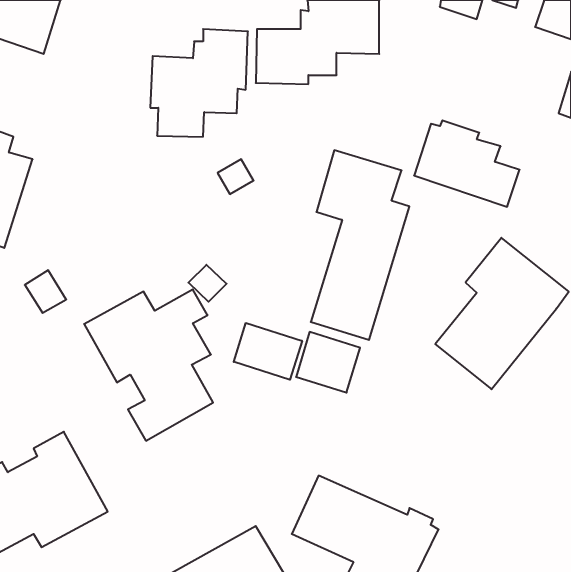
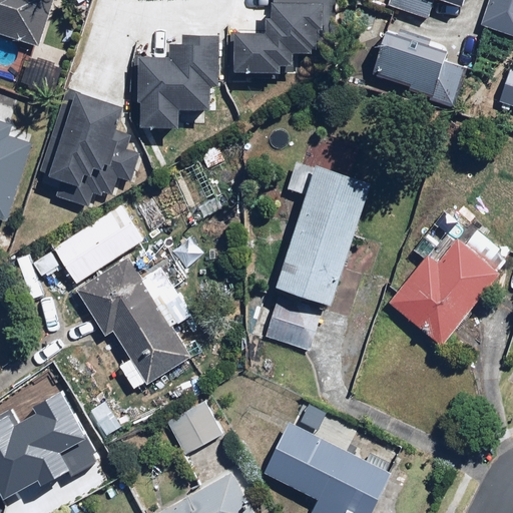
building: none -> [41,83,141,201]
building: [414,120,520,207] -> [371,28,465,105]
building: none -> [56,209,140,285]
building: [234,323,302,380] -> none
building: none -> [159,400,221,460]

